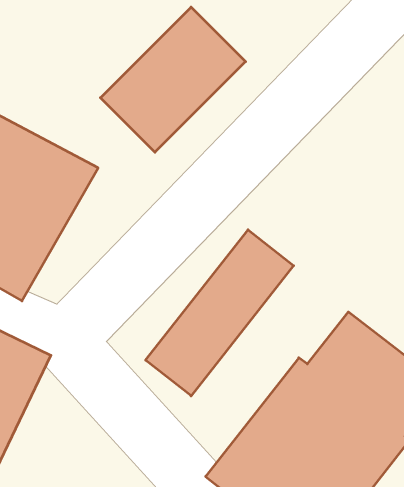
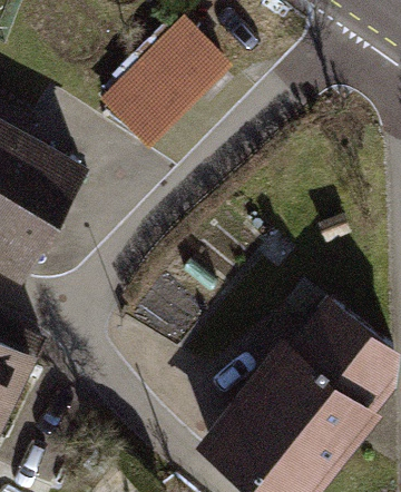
building: [146,230,294,396] -> none

